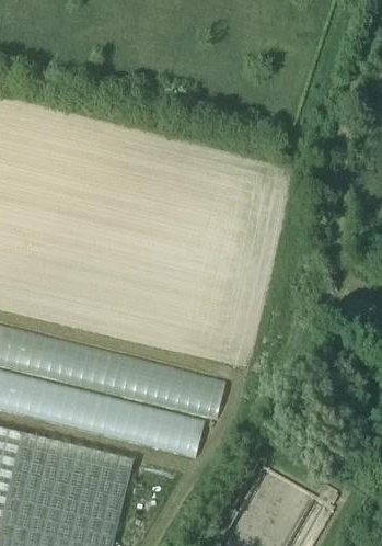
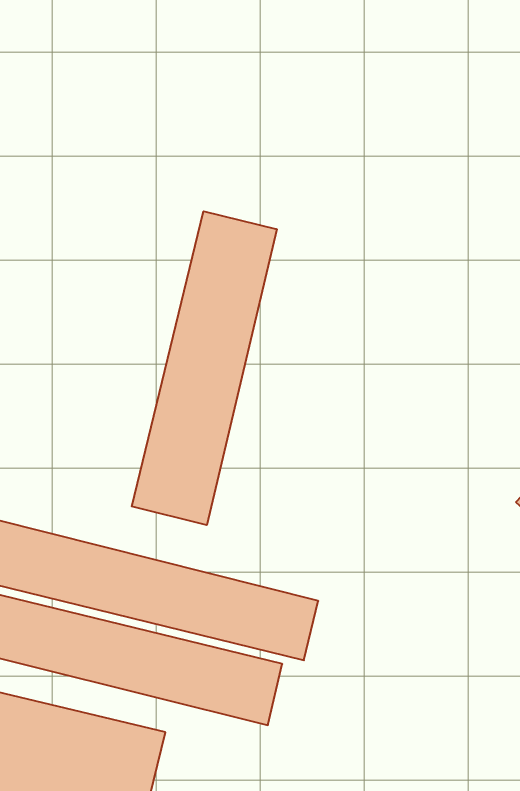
building: none -> [132,211,277,525]

